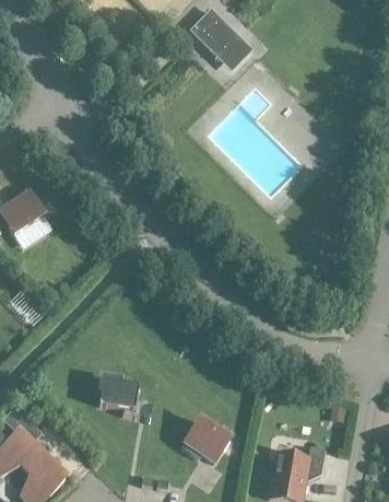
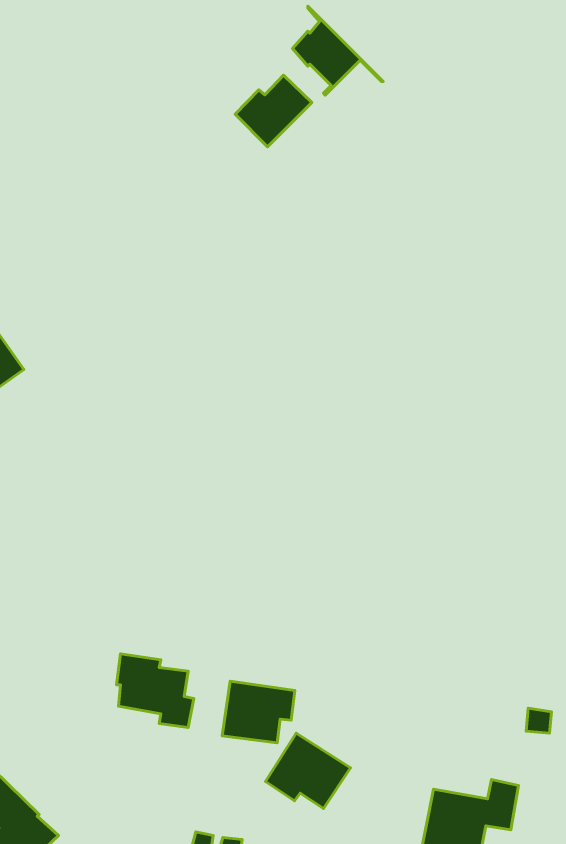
building: none -> [235,75,312,147]
building: none -> [222,681,295,743]

